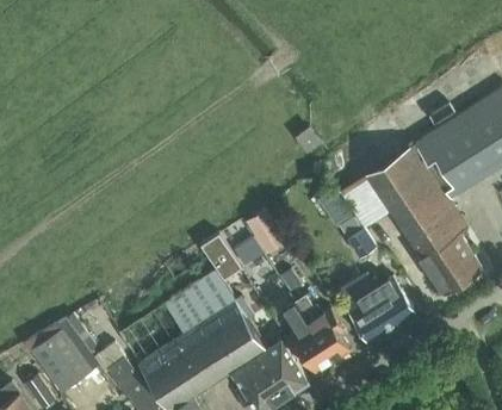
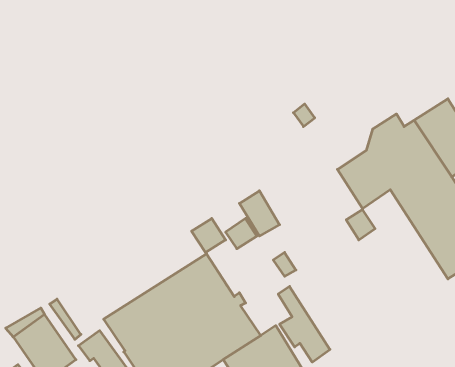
building: [346,278,414,341] -> none
building: [295,296,351,362] -> none

